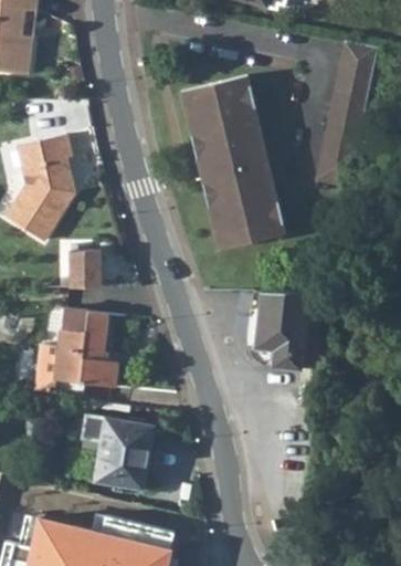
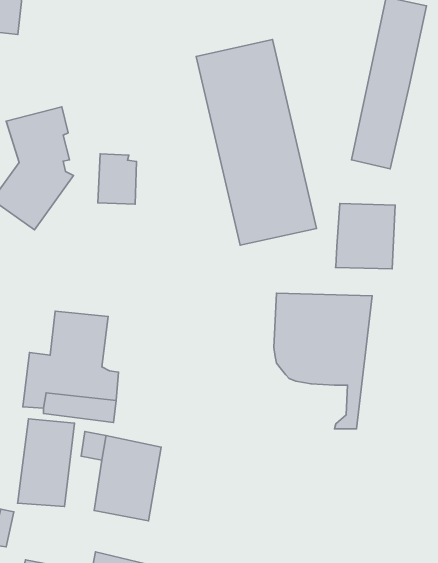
building: none -> [335,203,395,269]
building: [68,247,102,290] -> [98,154,136,204]
building: none -> [17,419,74,507]

